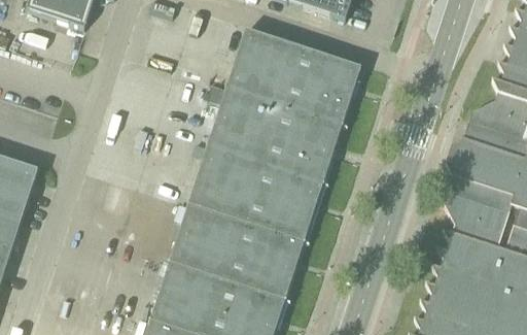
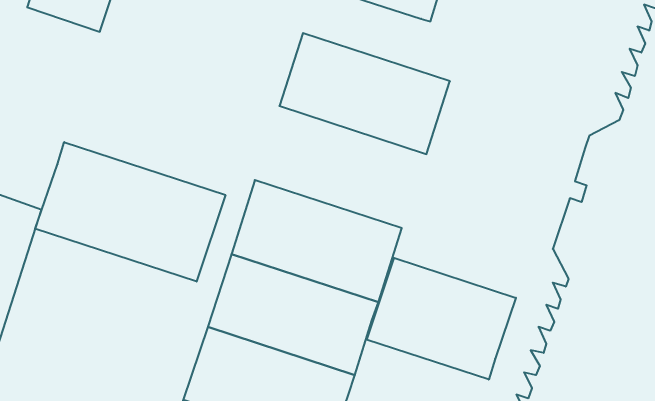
building: [207,86,343,182] -> none
building: none -> [35,142,225,282]
building: none -> [367,258,516,380]

